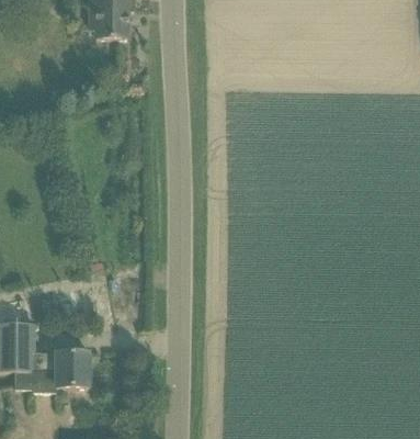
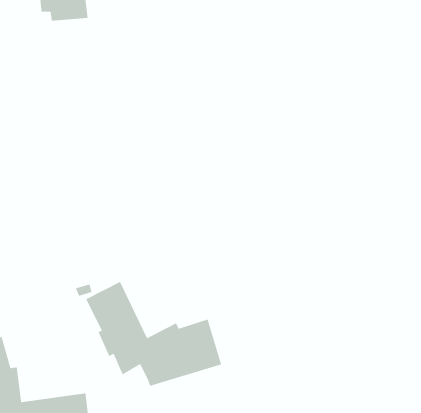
building: none -> [85,281,222,387]

